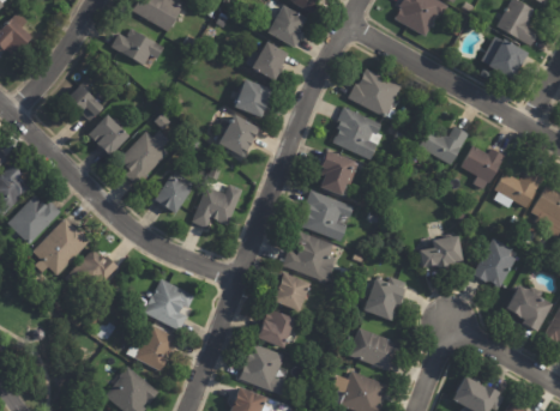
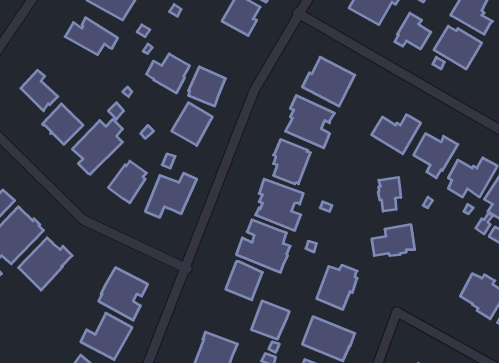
building: none -> [395,13,431,49]
building: [246,42,289,81] -> [146,54,190,93]
building: none -> [378,177,401,211]
building: [472,238,516,288] -> none
building: [258,309,296,347] -> [251,301,289,339]

